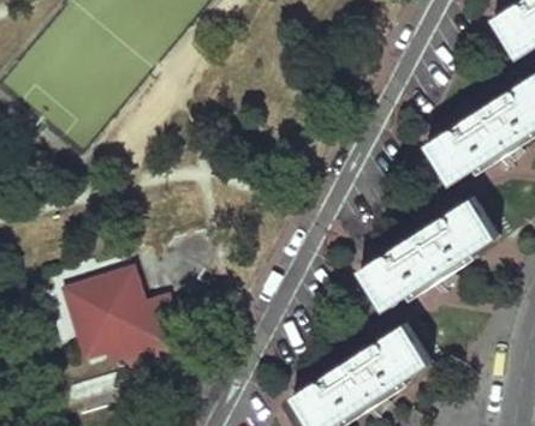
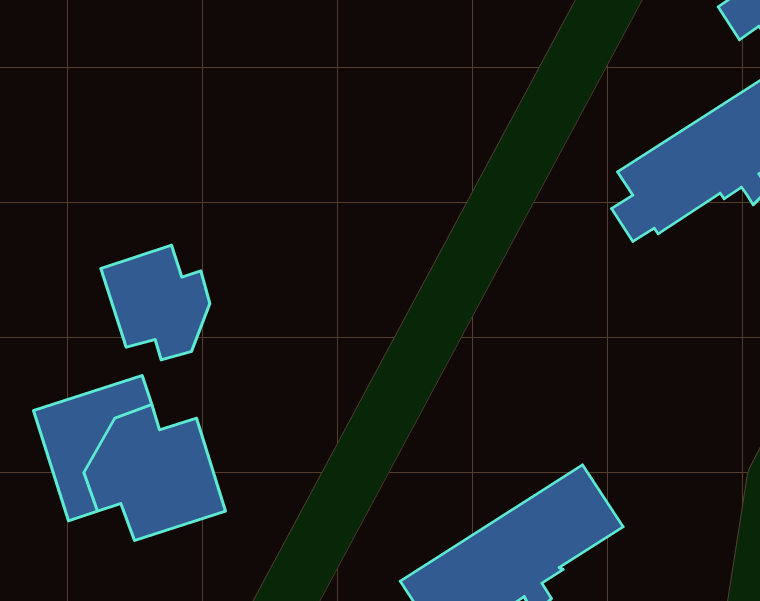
building: none -> [101,245,210,360]
building: [359,197,500,313] -> none

